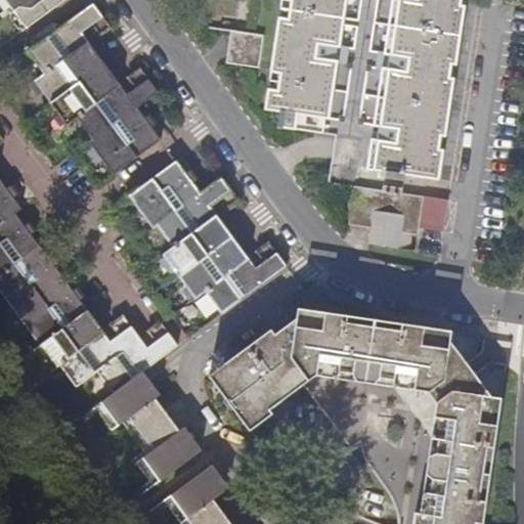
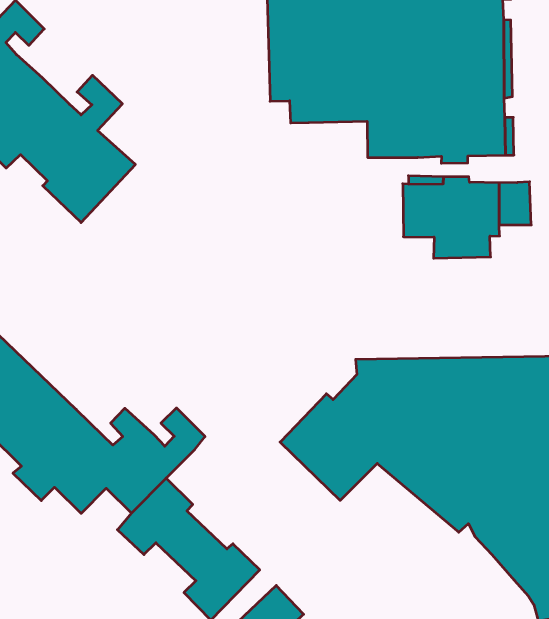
building: [226,30,262,66] -> none
building: [128,161,286,313] -> none
building: [210,358,271,429] -> none

